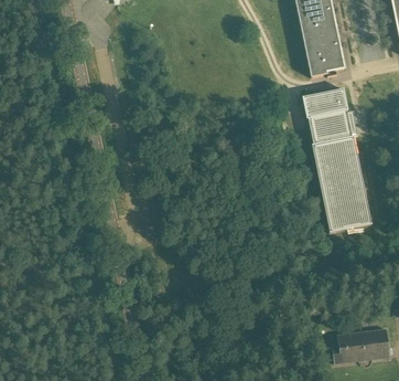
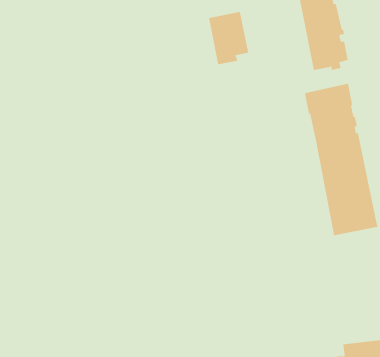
building: none -> [208,11,249,65]

